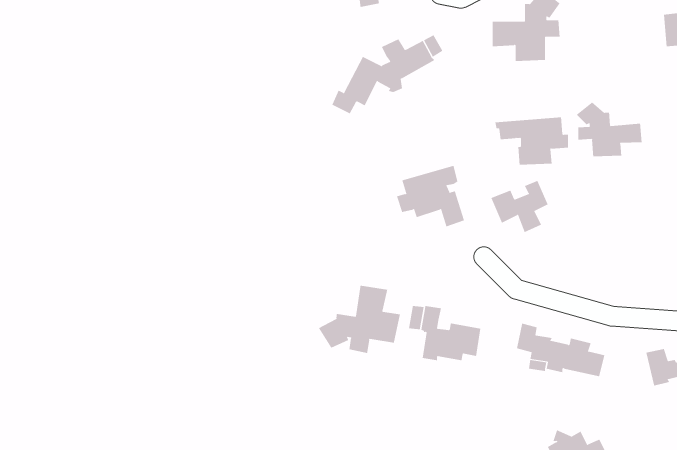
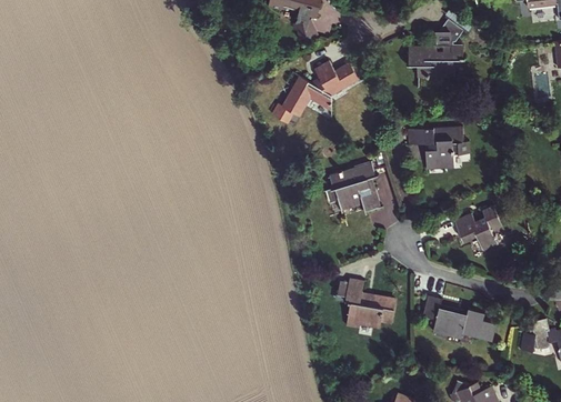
building: [576,102,642,157] -> none
building: [491,180,549,233] -> [458,209,505,252]
building: [318,285,400,354] -> none

